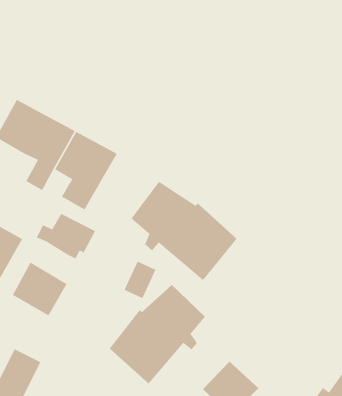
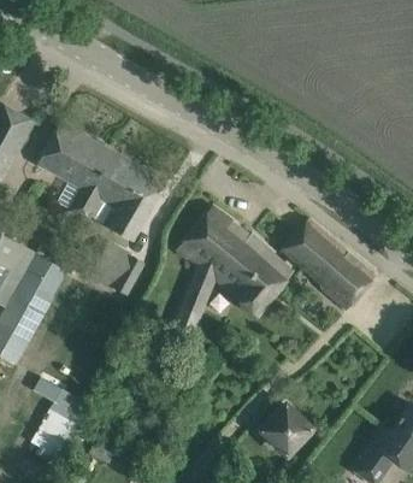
building: none -> [281,218,374,310]
building: [12,262,68,317] -> none
building: [109,284,206,384] -> none

